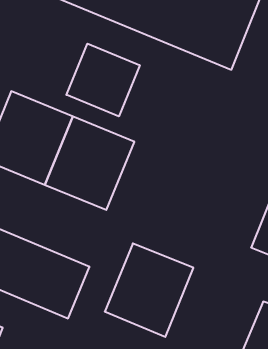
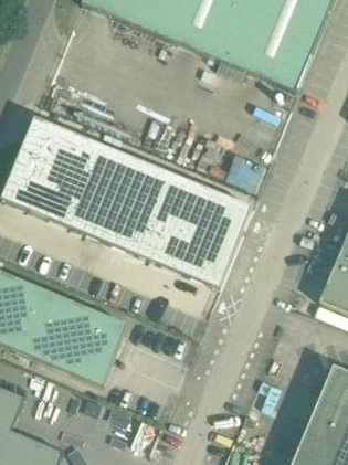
building: [66,44,140,116] -> none
building: [105,243,193,337] -> [148,176,253,286]

